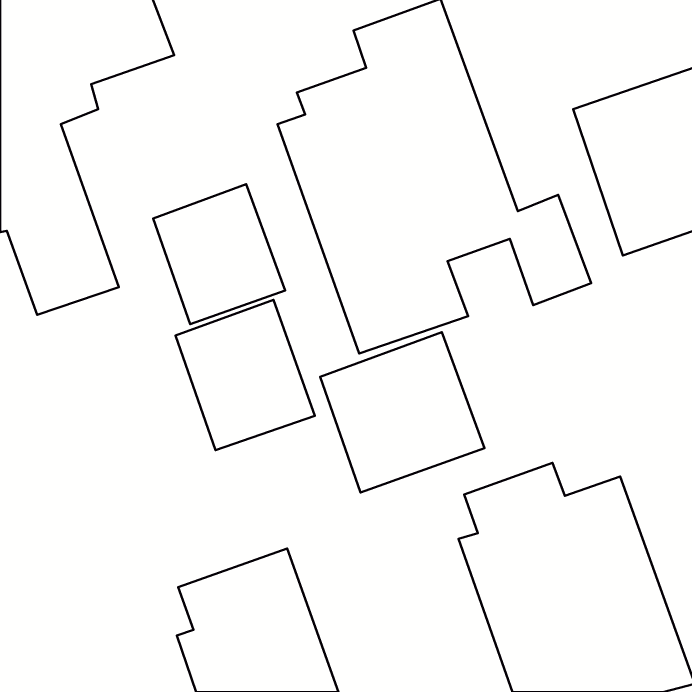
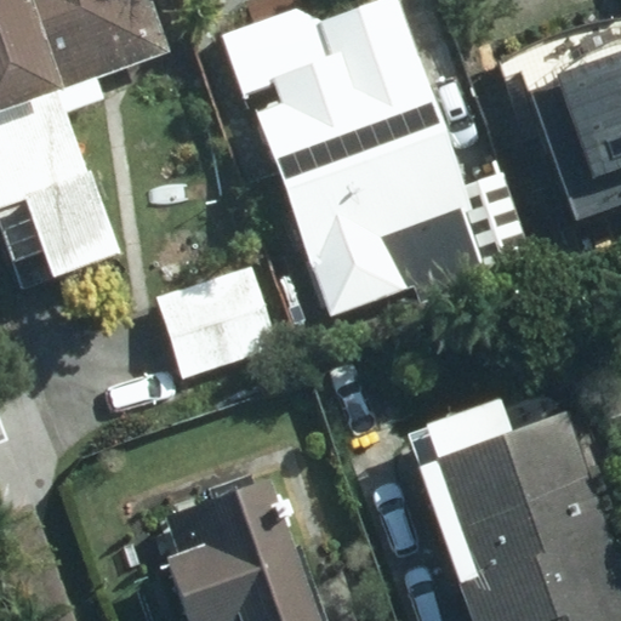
building: [153,184,285,324] -> none
building: [320,332,484,492] -> none

